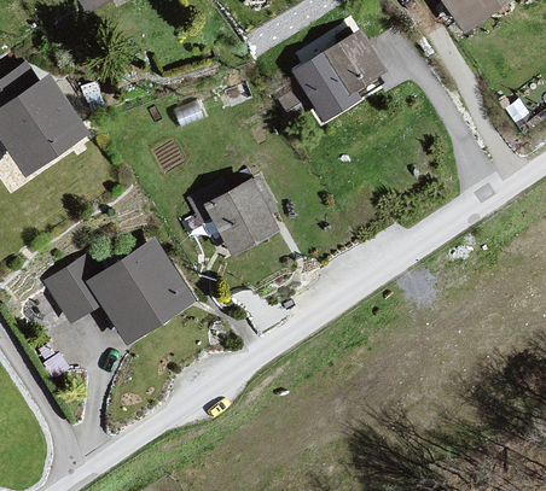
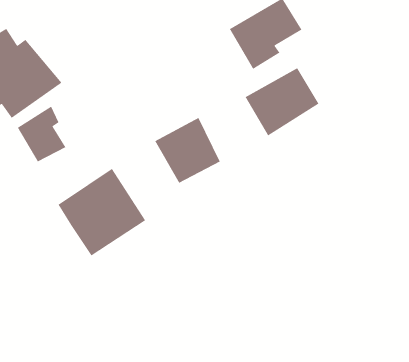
building: none -> [244,67,320,136]
building: [41,255,101,323] -> [17,105,67,162]

